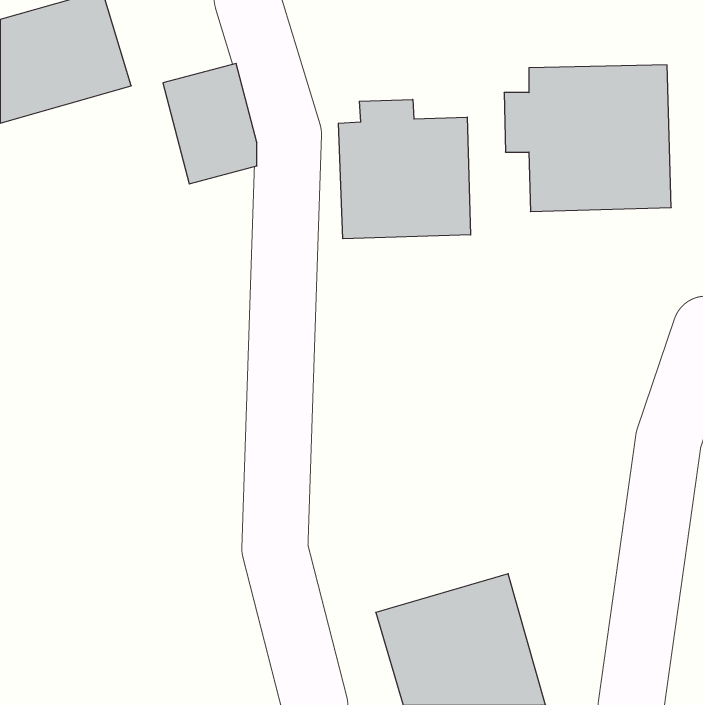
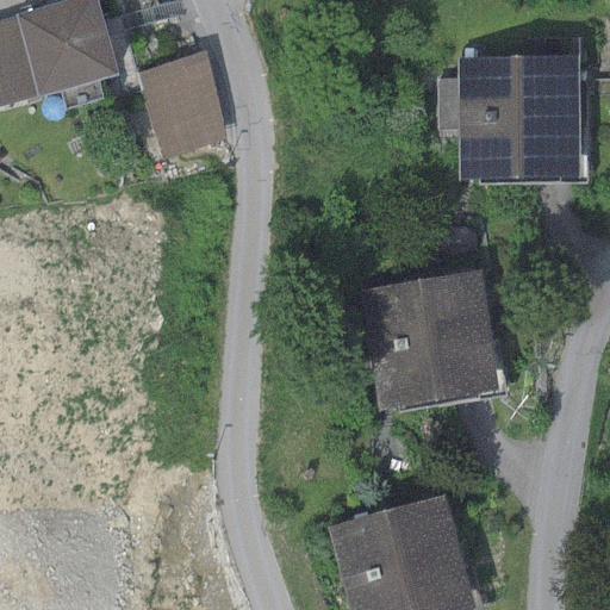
building: [338,99,471,239] -> none
building: none -> [361,272,494,409]

